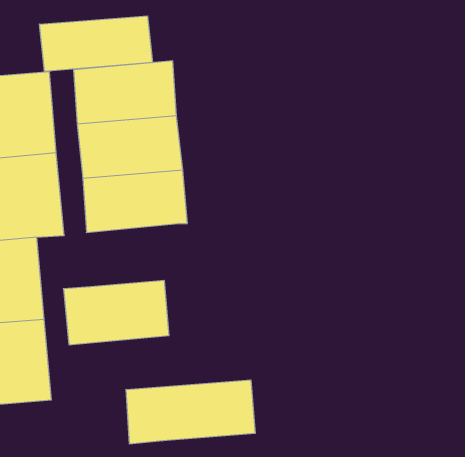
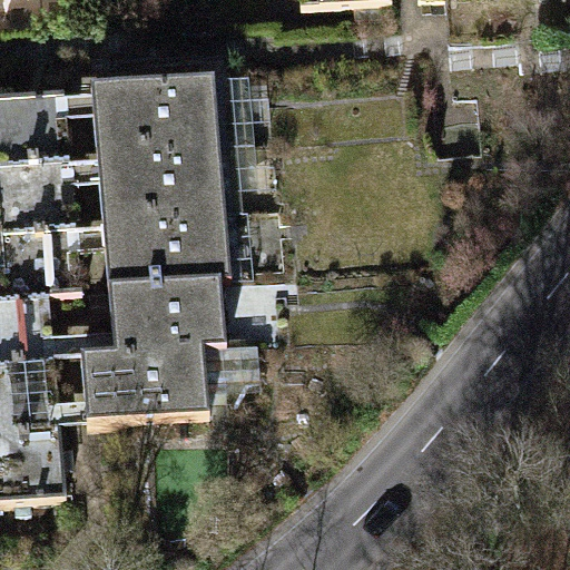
building: [39,16,152,72] -> none
building: none -> [105,271,222,347]
building: [126,380,255,444] -> none

